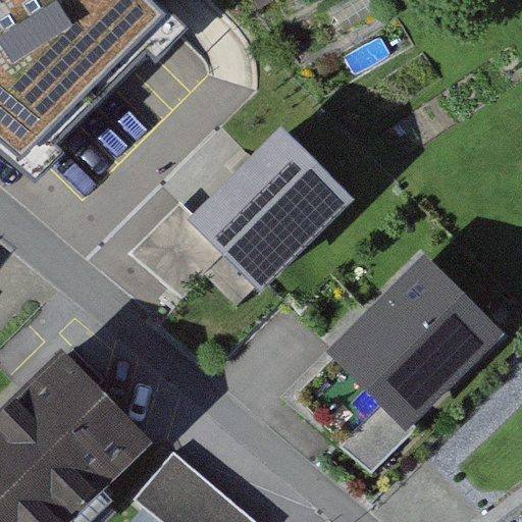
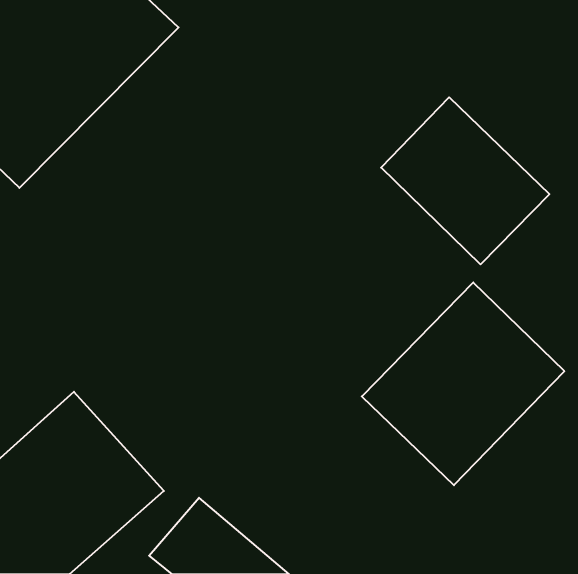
building: none -> [381,97,549,264]
building: [134,139,347,299] -> none

